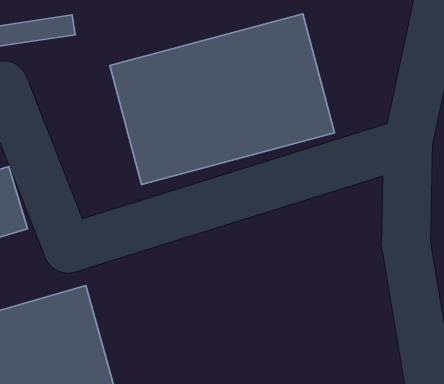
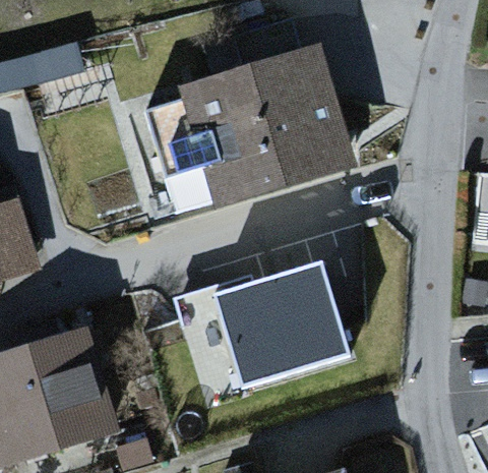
building: none -> [207,255,361,400]

